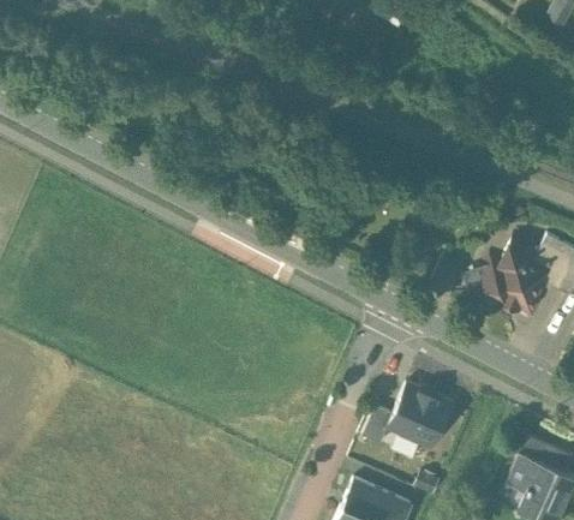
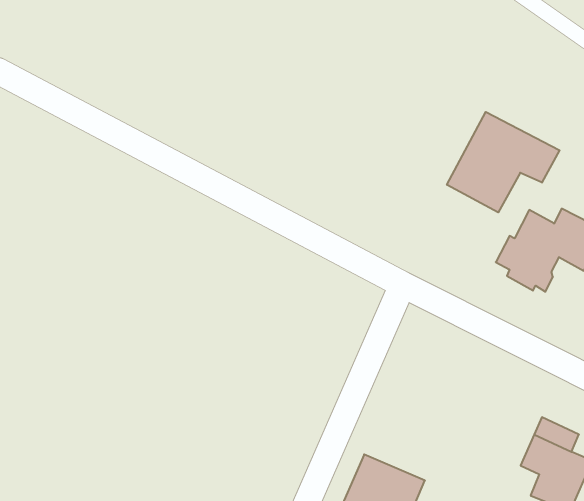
building: none -> [447,112,560,212]
building: [385,387,453,453] -> none

